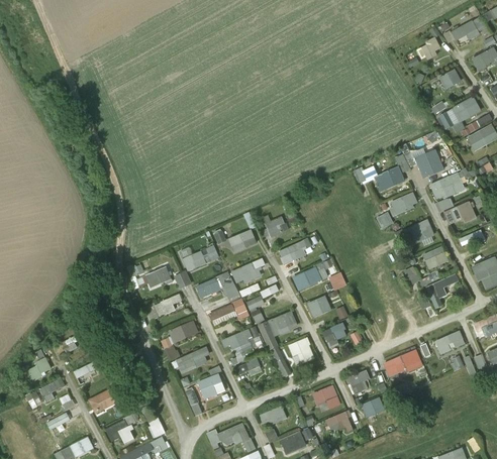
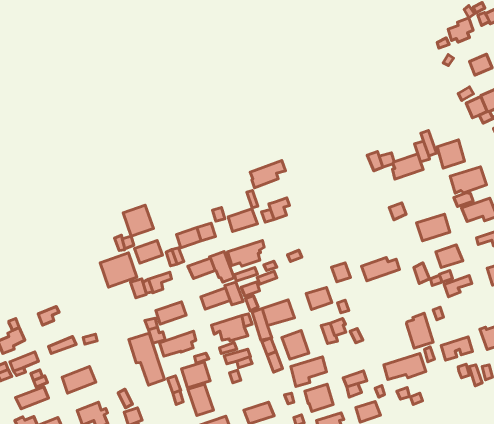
building: [390,193,417,217] -> none
building: none -> [123,205,153,236]
building: [279,238,311,265] -> [250,161,286,188]
building: [293,267,328,291] -> [361,257,400,281]
building: none -> [100,253,137,287]
building: none -> [407,313,433,348]
building: none -> [129,333,165,385]
building: none -> [291,357,326,387]
building: none -> [188,384,213,415]

